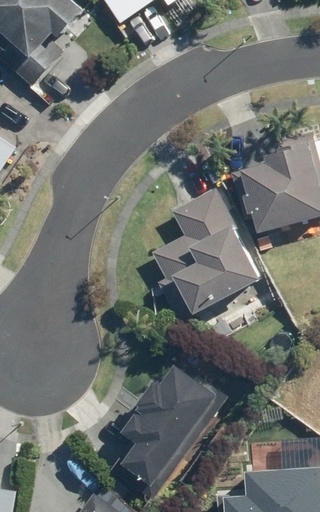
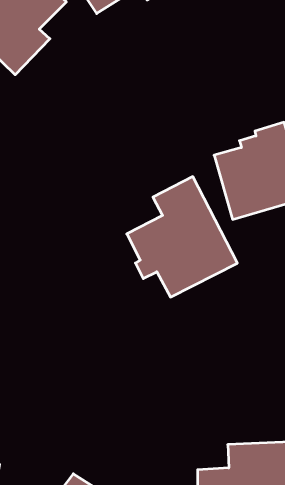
building: [115,357,225,498] -> none

